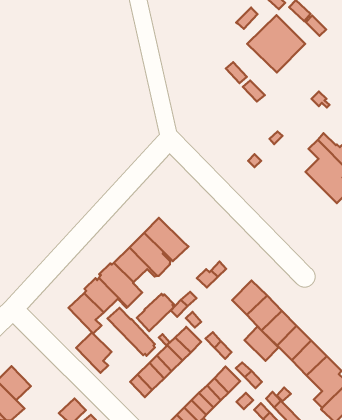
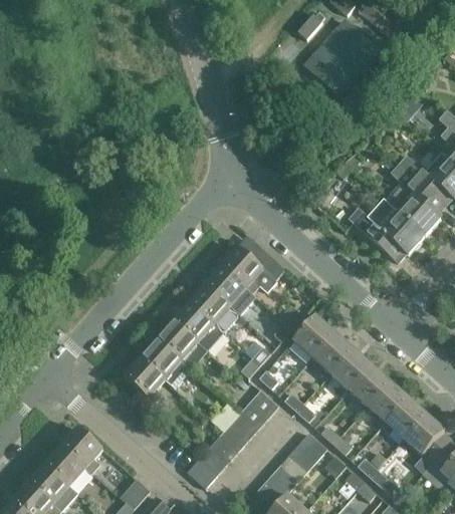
building: none -> [350,200,427,260]
building: none -> [222,246,285,293]
building: none -> [293,314,333,355]
building: [137,294,174,331] -> none
building: [108,308,155,356] -> none
building: [244,327,279,361] -> none
building: [76,332,111,373] -> [61,428,102,474]
building: none -> [187,457,218,489]

